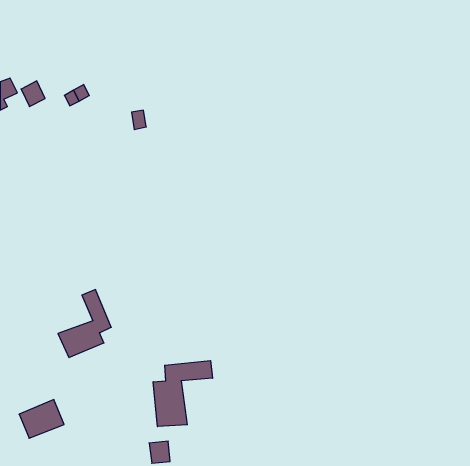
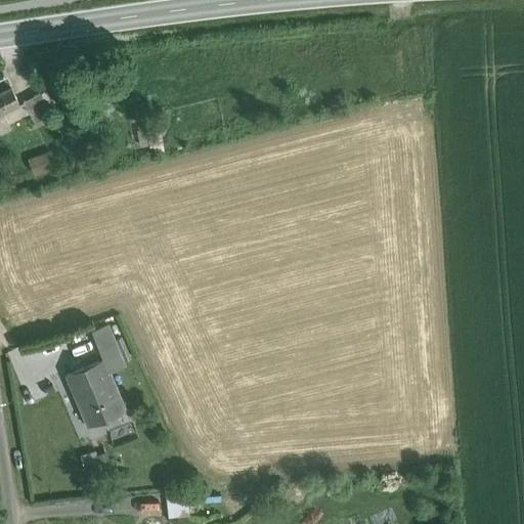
building: [153,361,213,427] -> none
building: [19,400,64,438] -> [77,386,127,429]

